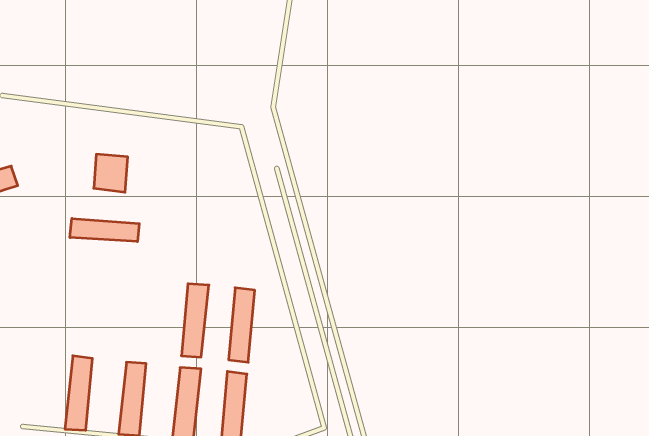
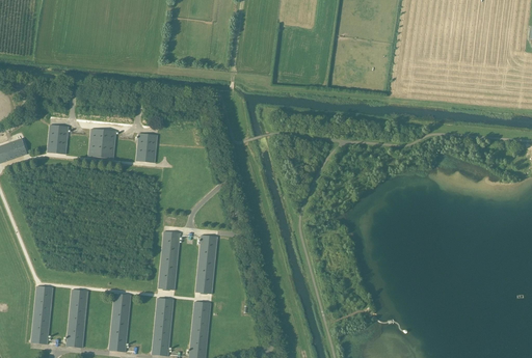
building: none -> [47,125,69,154]
building: none -> [135,133,157,162]
building: [70,218,139,242] -> none
building: none -> [30,285,53,345]

